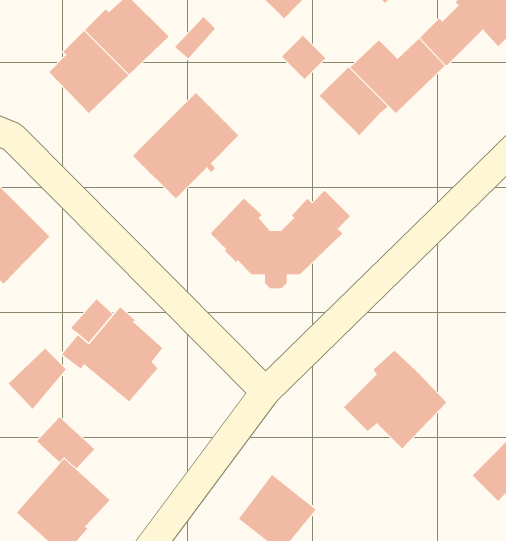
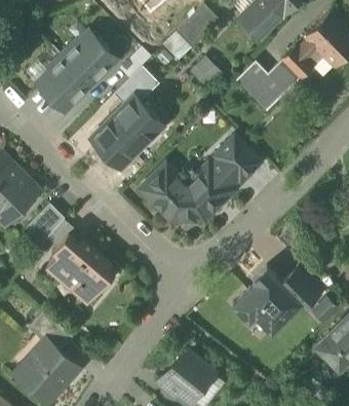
building: none -> [113,66,159,106]
building: [319,66,389,136] -> [214,137,260,183]
building: none -> [280,264,323,307]
building: [8,348,67,410] -> [25,205,64,246]

